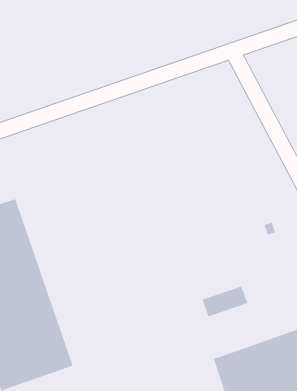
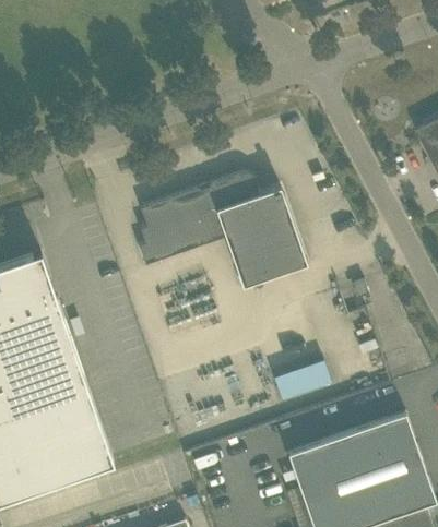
building: none -> [140,175,307,286]

